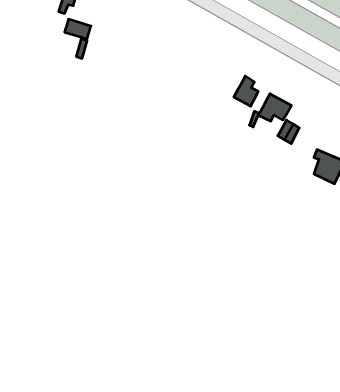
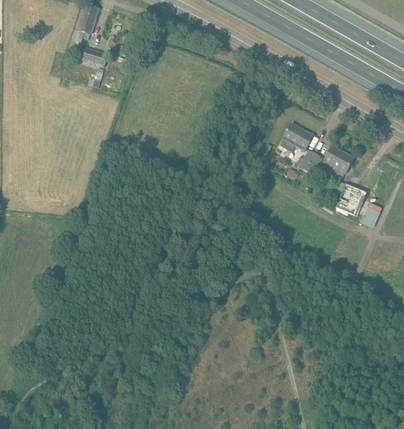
building: [234,76,258,106] -> none
building: none -> [324,145,354,172]

